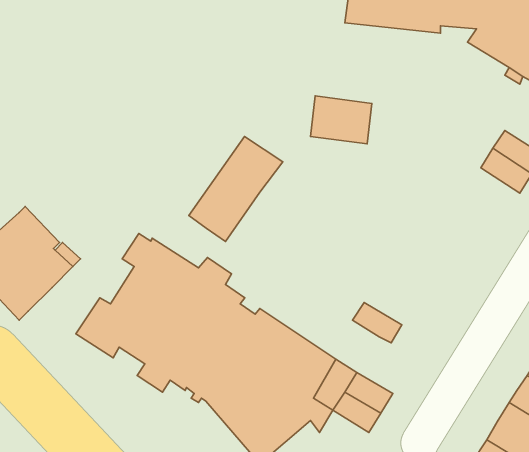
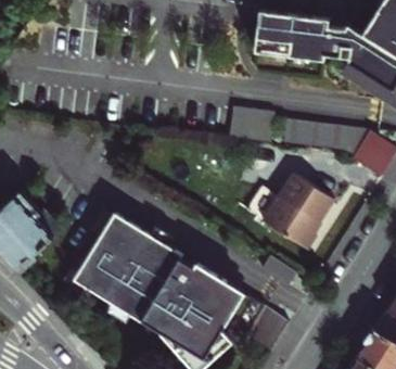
building: none -> [285,119,371,151]
building: [189,137,283,242] -> none
building: none -> [265,176,334,251]

